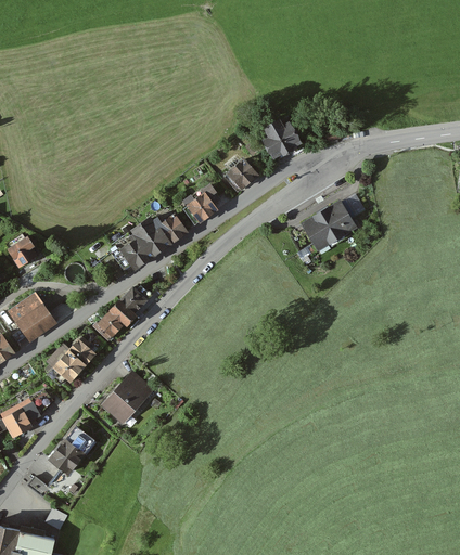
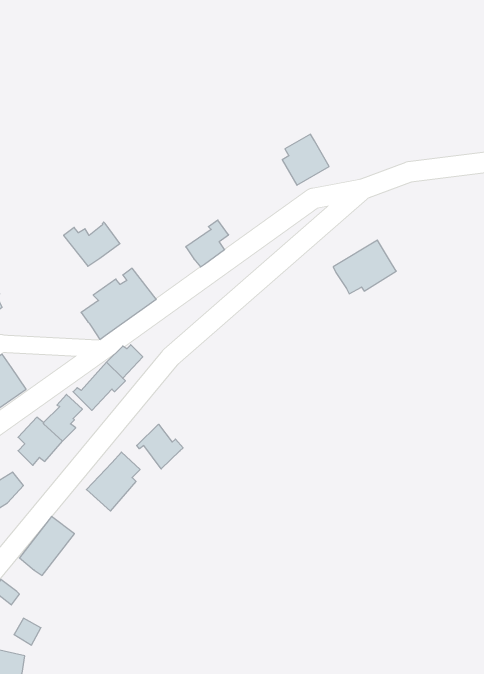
building: [226,160,257,191] -> none
building: [141,215,187,250] -> [64,222,120,266]
building: none -> [137,424,183,469]

